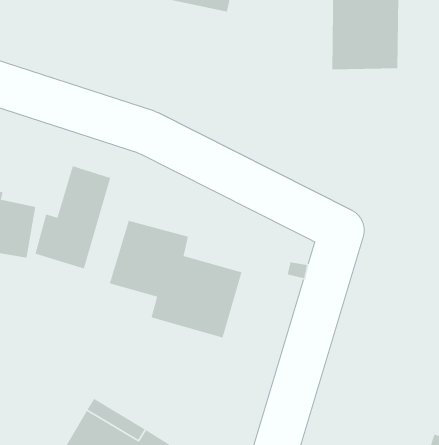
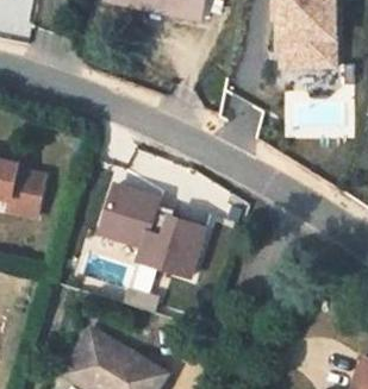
building: [34,165,111,269] -> none

